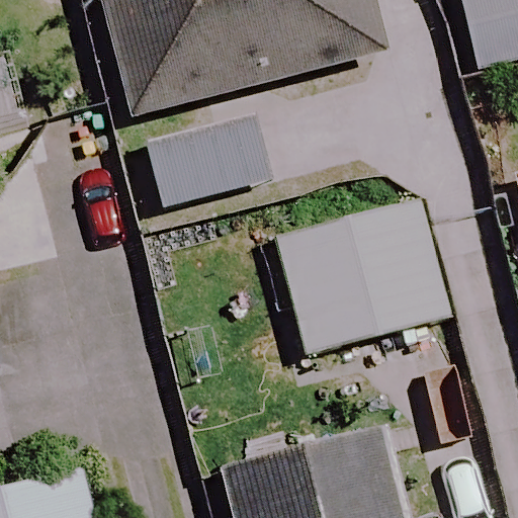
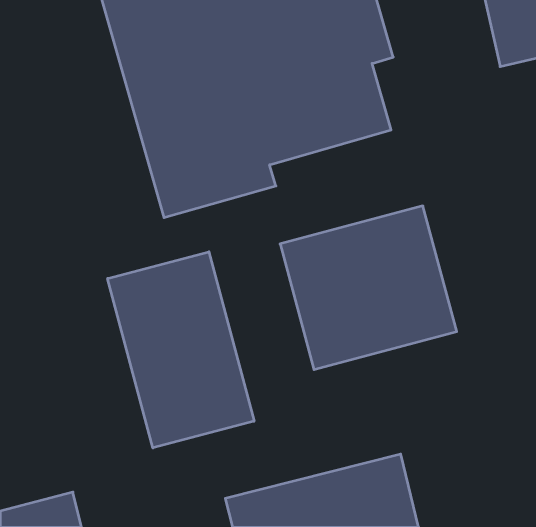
building: none -> [108,252,254,448]

